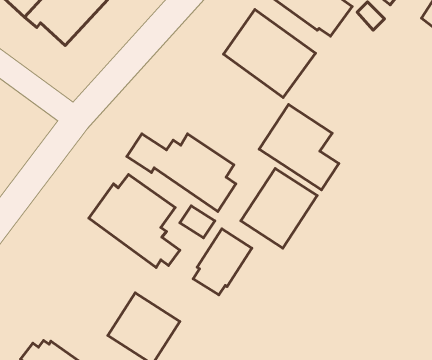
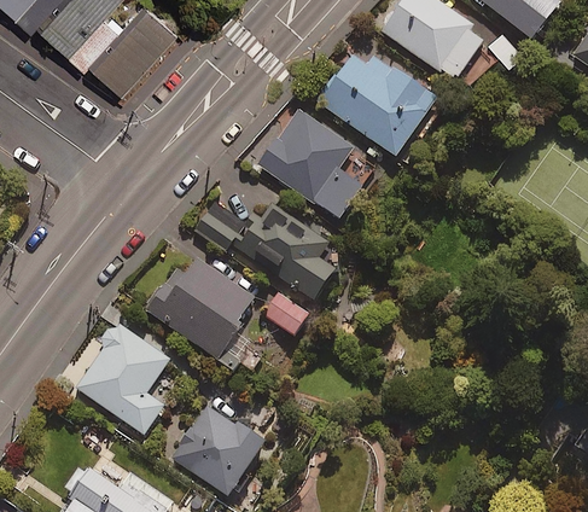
building: [259,105,339,190] -> [261,110,362,219]
building: [241,168,317,248] -> none
building: [193,229,252,295] -> none
building: none -> [75,325,170,434]

